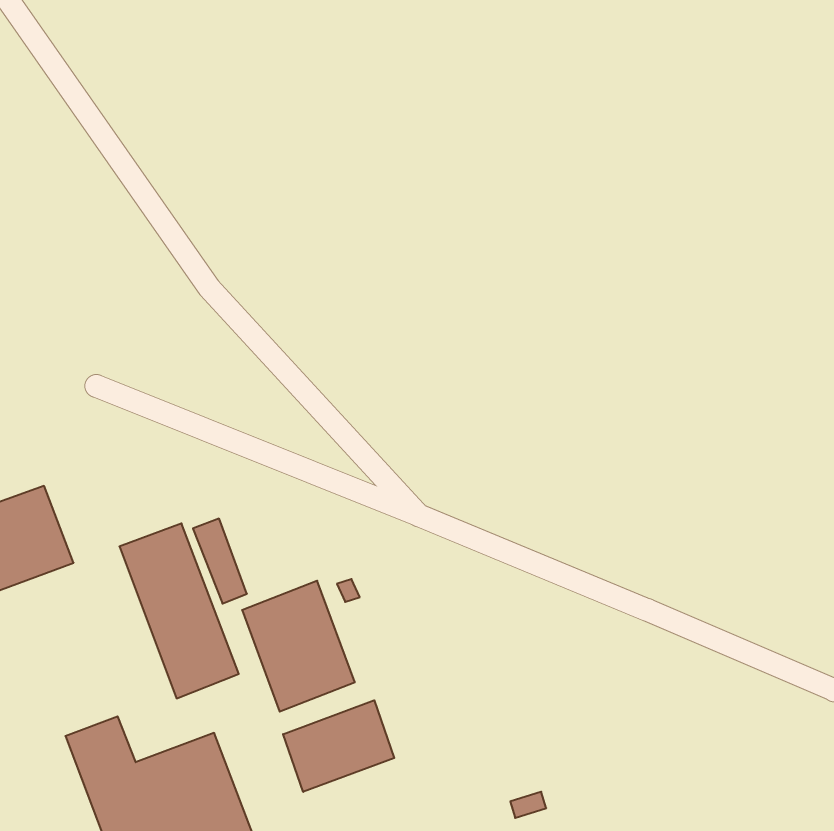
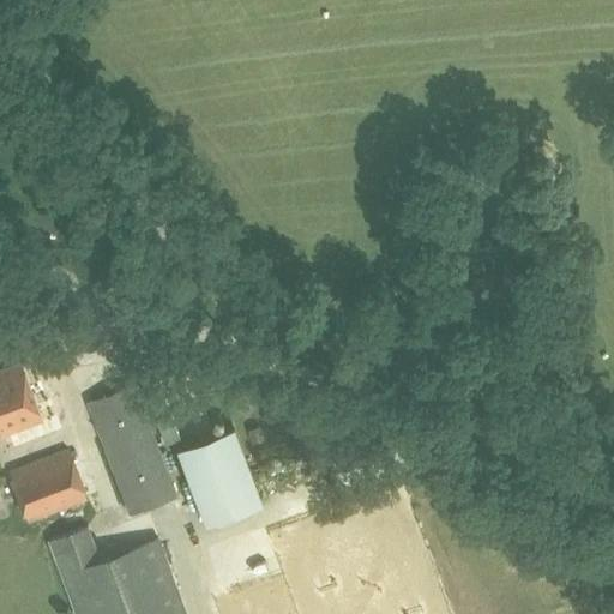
building: none -> [8,452,86,523]
building: [283,700,394,792] -> none

